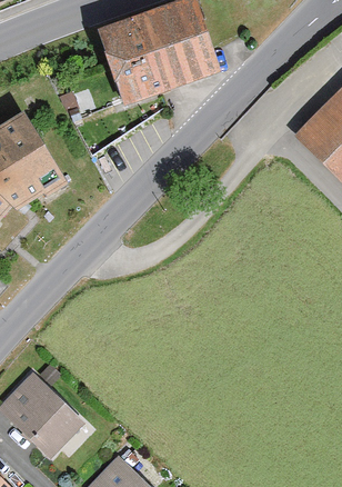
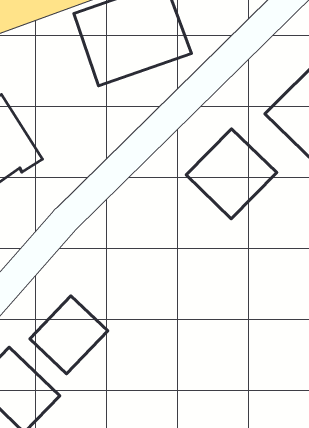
building: none -> [186,129,277,219]
building: none -> [30,296,108,374]

